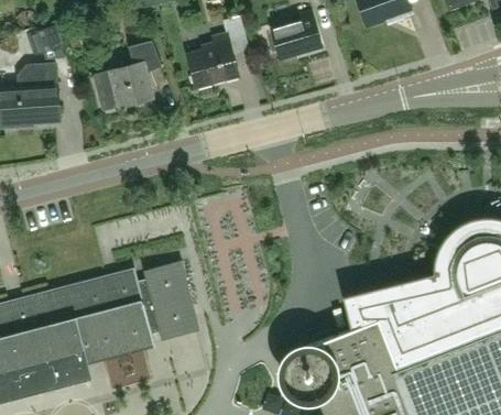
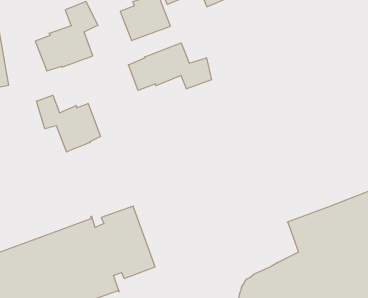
building: none -> [128,43,211,90]
building: none -> [36,95,101,152]

